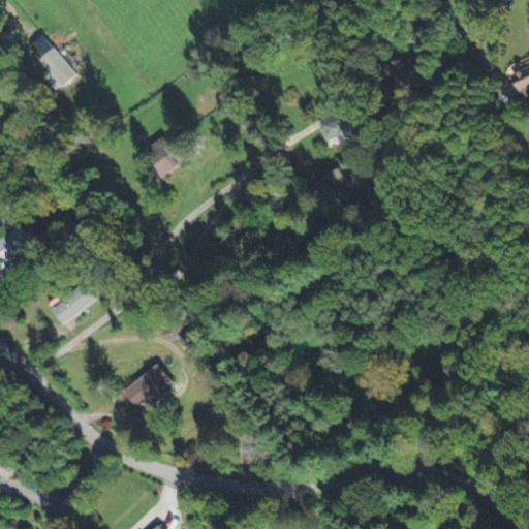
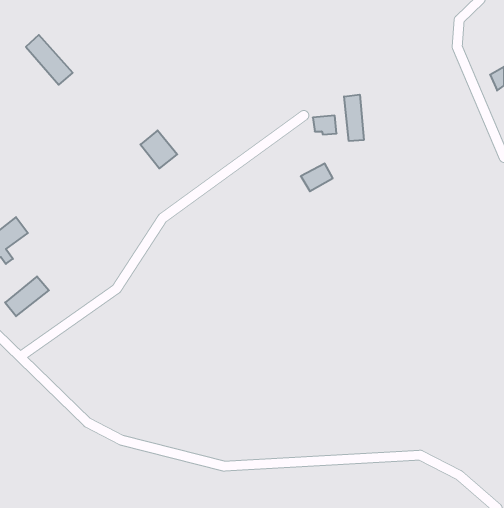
building: none -> [344,95,364,141]
building: [49,284,94,325] -> [5,276,49,316]
building: [122,366,173,412] -> none

